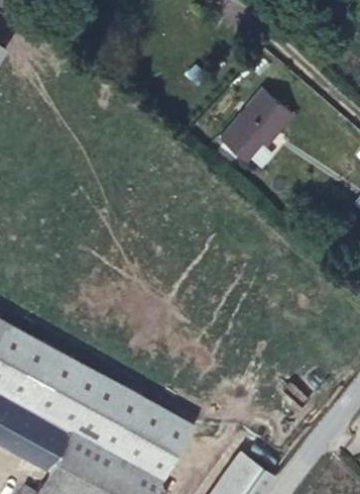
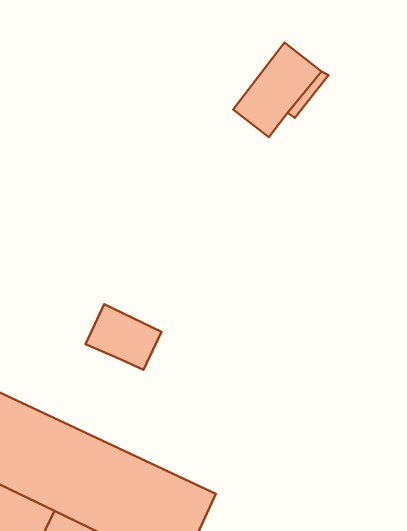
building: none -> [85,304,162,370]

